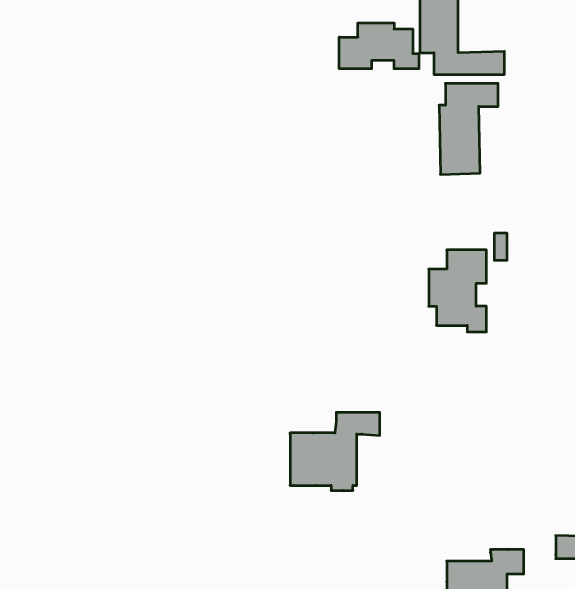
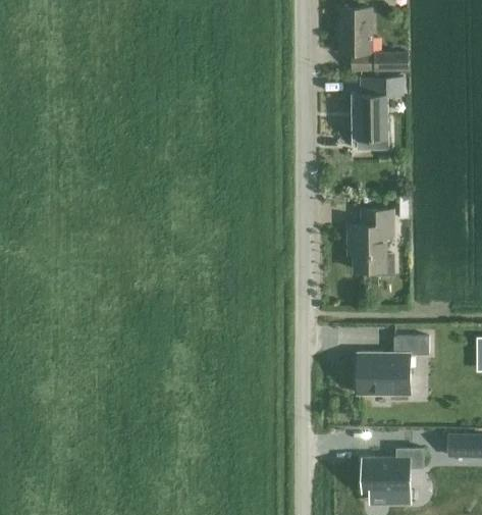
building: [339,23,419,69] -> none
building: [290,412,380,490] -> [358,337,429,399]

